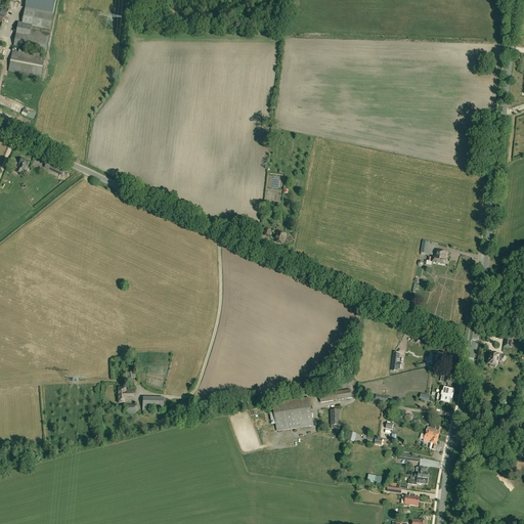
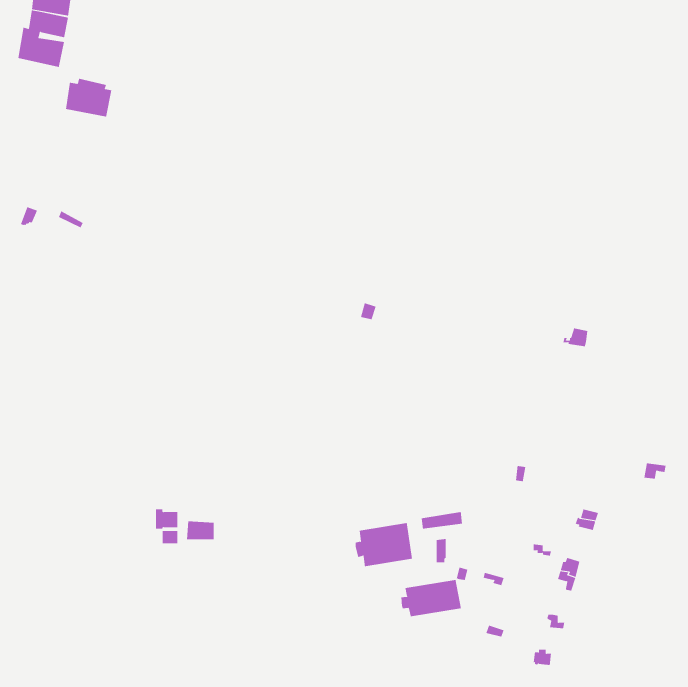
building: [8,46,44,76] -> [65,78,112,117]
building: none -> [401,579,462,617]

